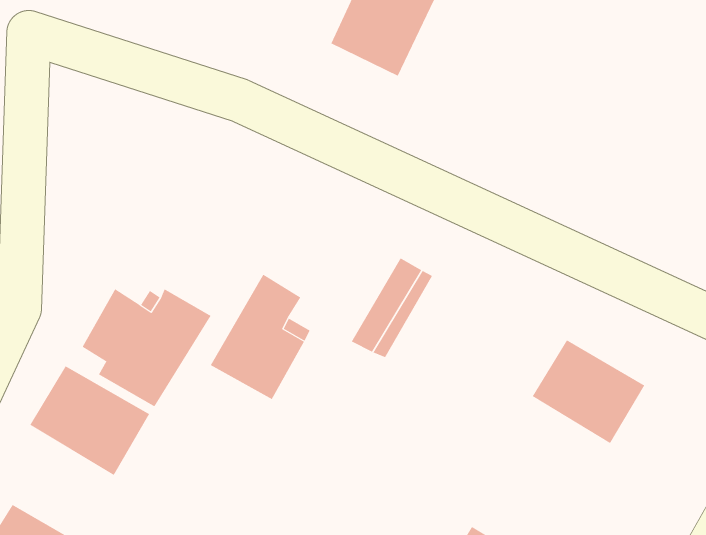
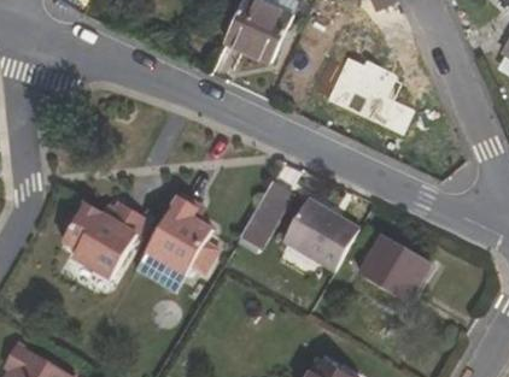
building: none -> [327,58,413,134]
building: none -> [279,196,358,271]
building: [29,365,150,476] -> none

